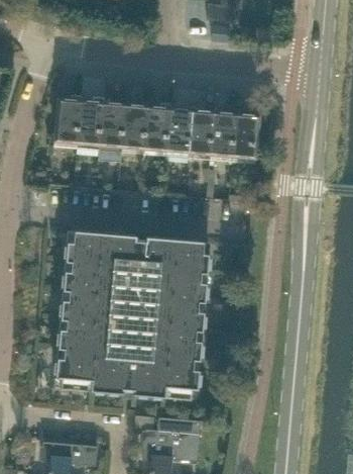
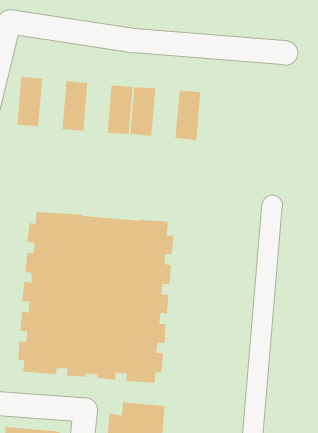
building: [76,99,102,149] -> none
building: [120,103,146,153] -> none
building: [187,108,213,158] -> none
building: [231,112,258,162] -> none

